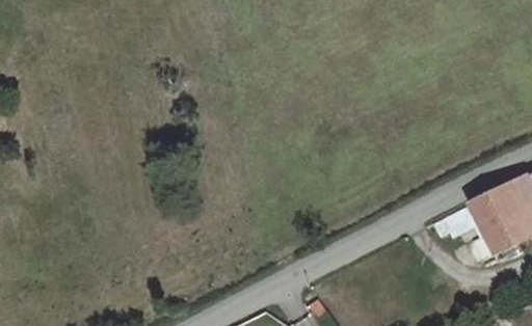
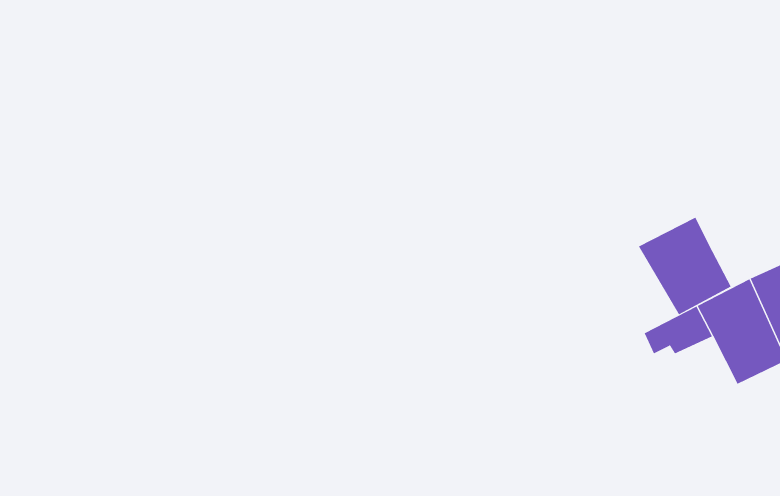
building: none -> [638,217,732,315]

